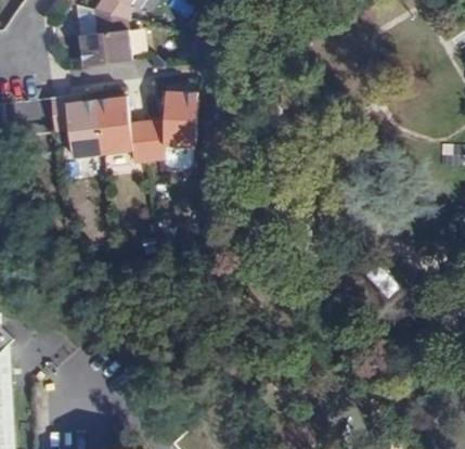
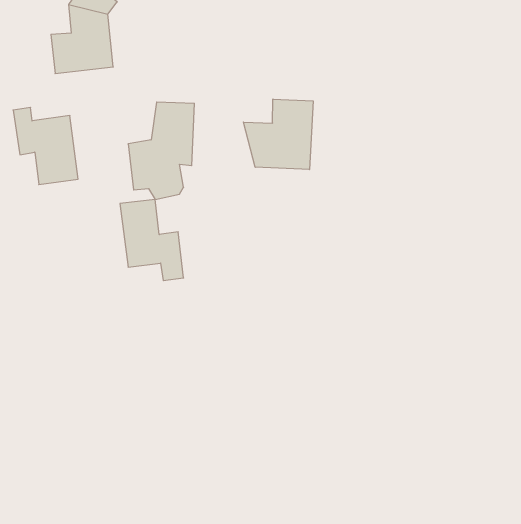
building: none -> [243,99,313,170]
building: [91,97,142,162] -> [120,199,184,281]

